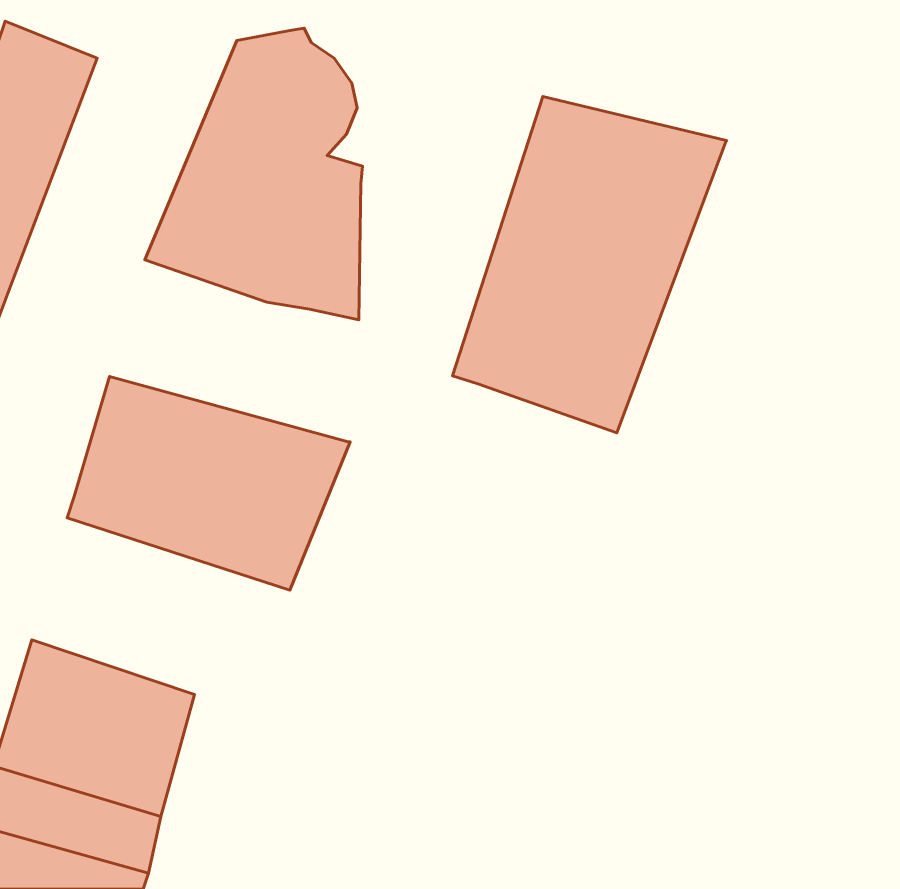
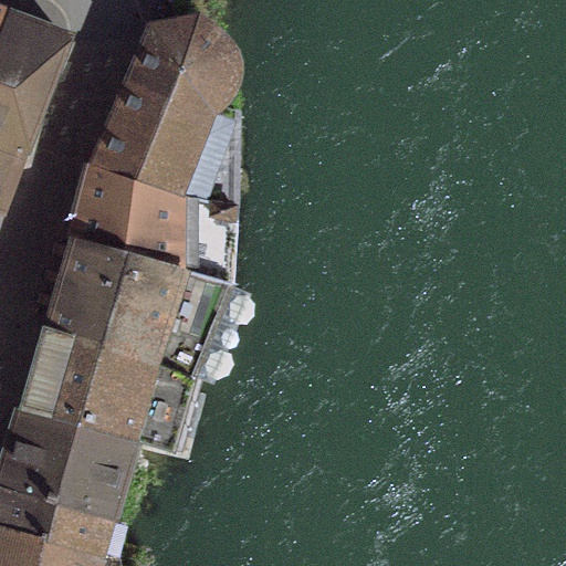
building: [453,97,727,433] -> none
building: none -> [69,163,224,276]
building: none -> [20,324,181,443]

